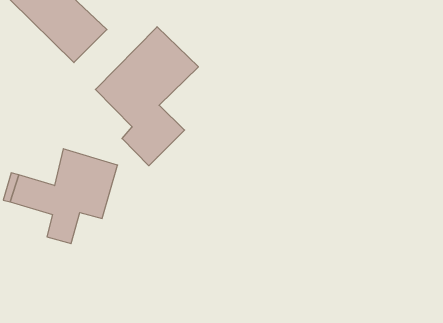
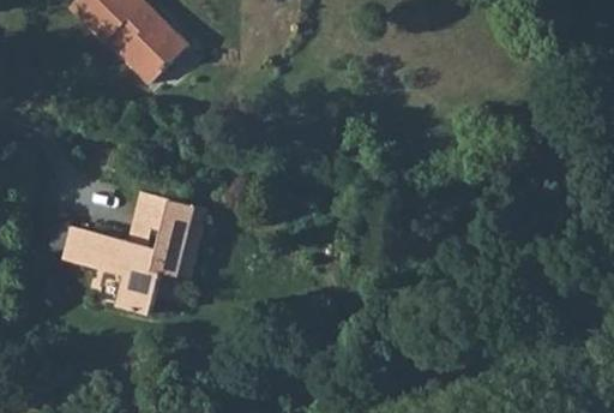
building: [95,27,198,166] -> none

